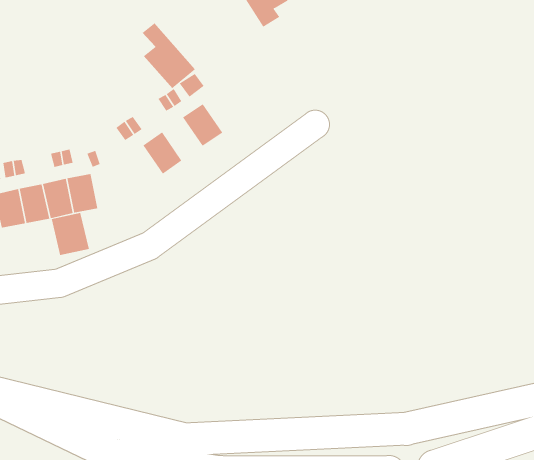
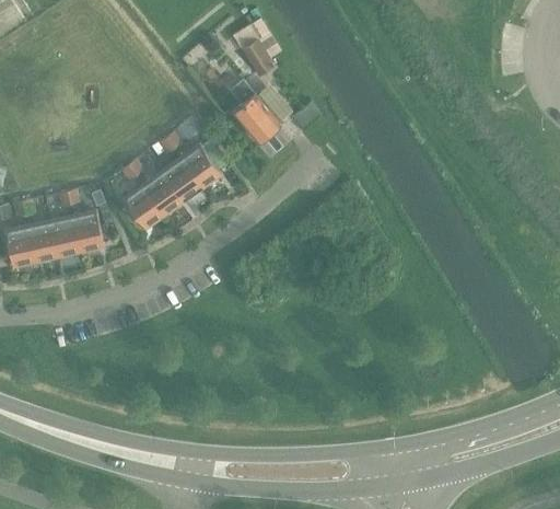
building: [142,22,196,89] -> [230,81,280,143]
building: none -> [163,161,200,201]
building: none -> [125,187,163,228]
building: [51,212,89,256] -> none

